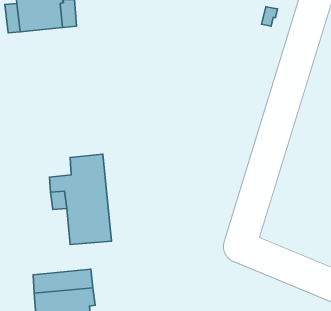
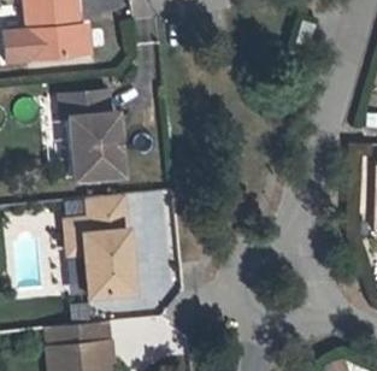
building: none -> [58,88,122,177]

